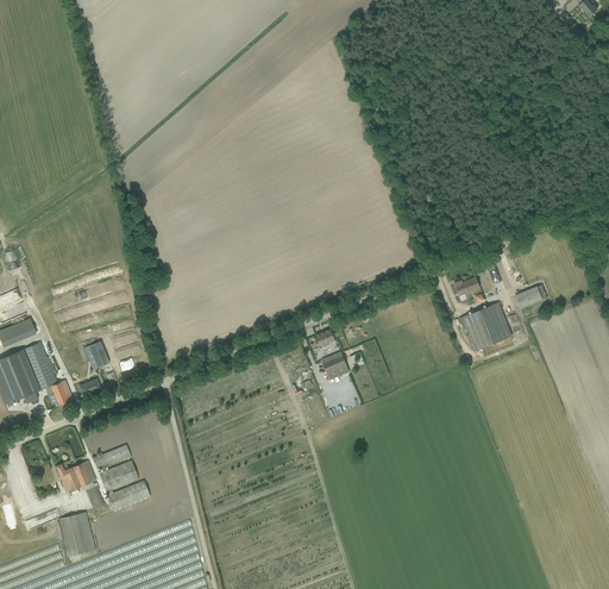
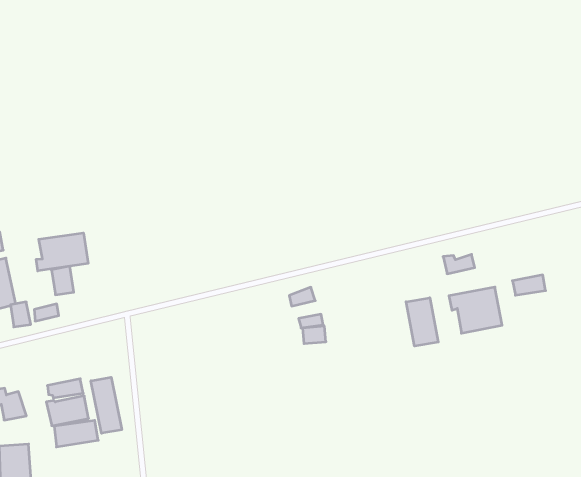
building: none -> [36,233,88,271]
building: none -> [406,298,438,346]
building: none -> [91,377,122,433]

